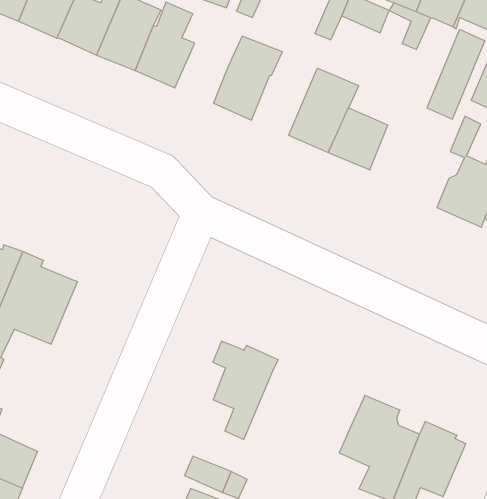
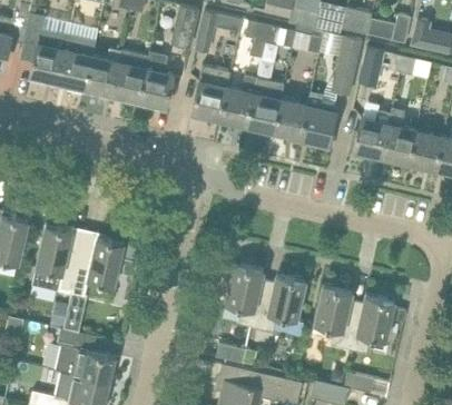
building: none -> [219,76,256,125]
building: none -> [302,95,337,150]
building: none -> [250,275,306,332]

